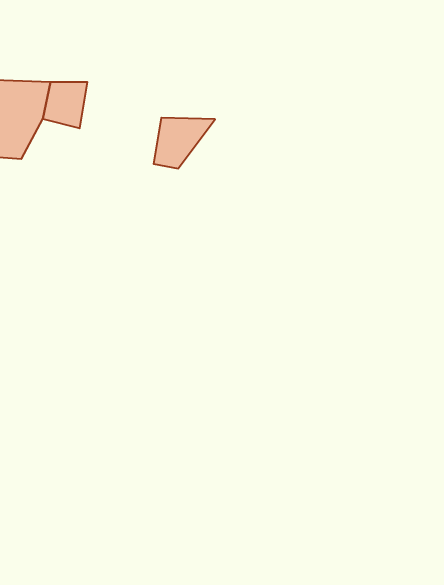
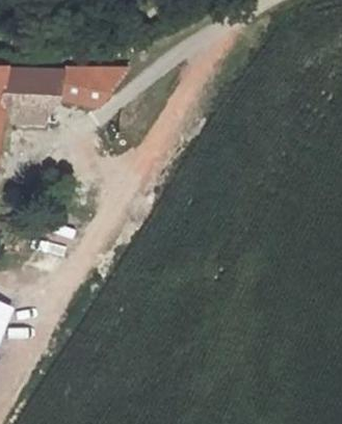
building: [154,118,215,168] -> [85,69,127,103]

